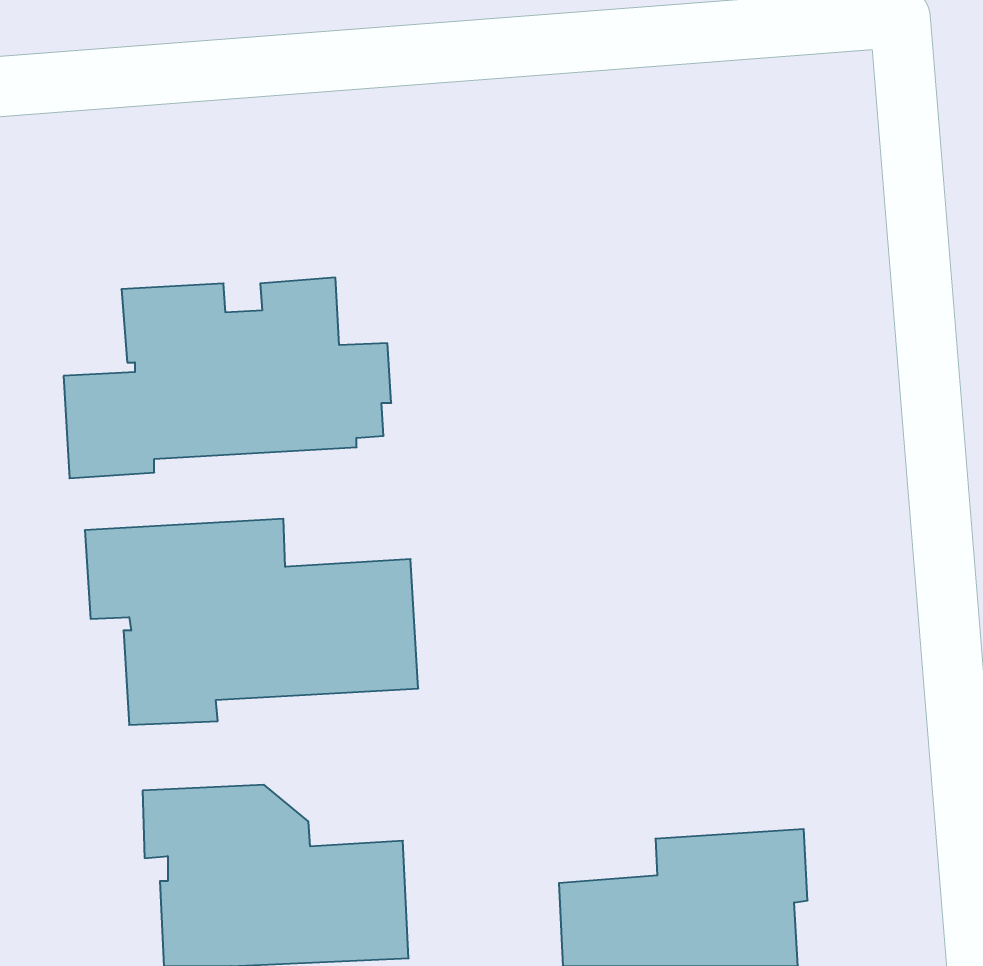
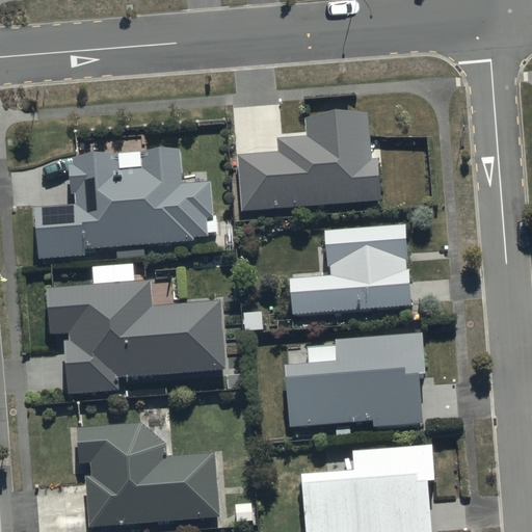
building: none -> [236,113,381,209]
building: none -> [290,225,411,313]
building: none -> [286,335,425,429]

